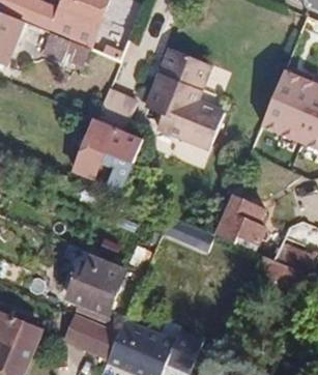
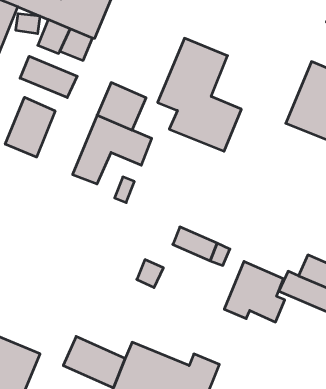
building: none -> [20,56,77,98]
building: none -> [5,97,55,157]
building: [213,192,267,246] -> [224,261,285,322]
building: [66,258,125,314] -> none

